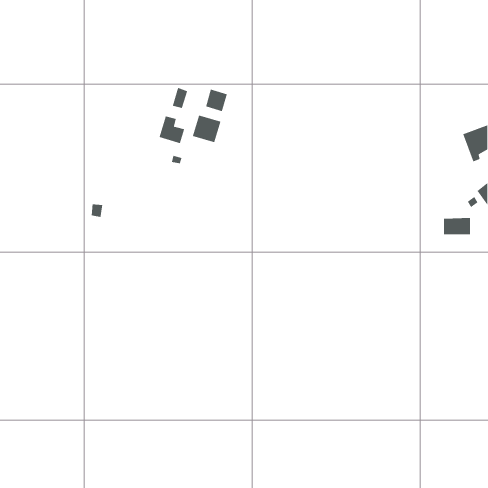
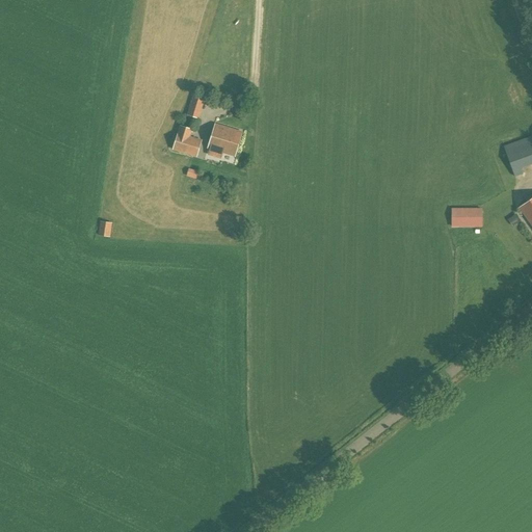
building: [205,89,228,112] -> none
building: [443,217,471,235] -> [452,208,482,228]

